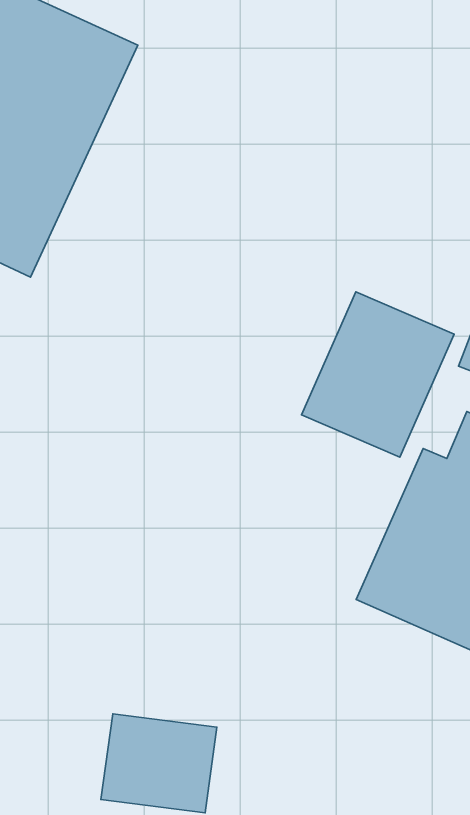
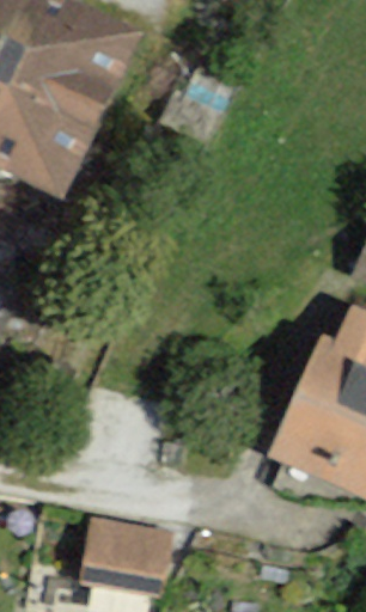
building: [302,292,454,457] -> none

